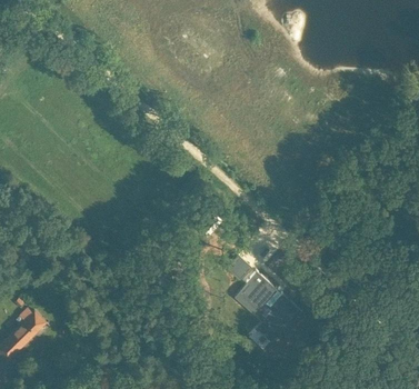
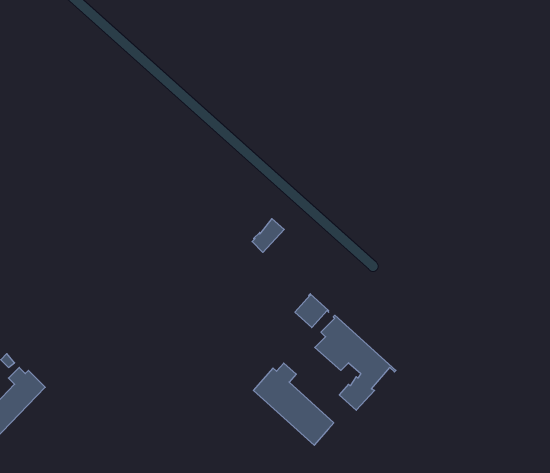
building: none -> [253,363,334,445]

